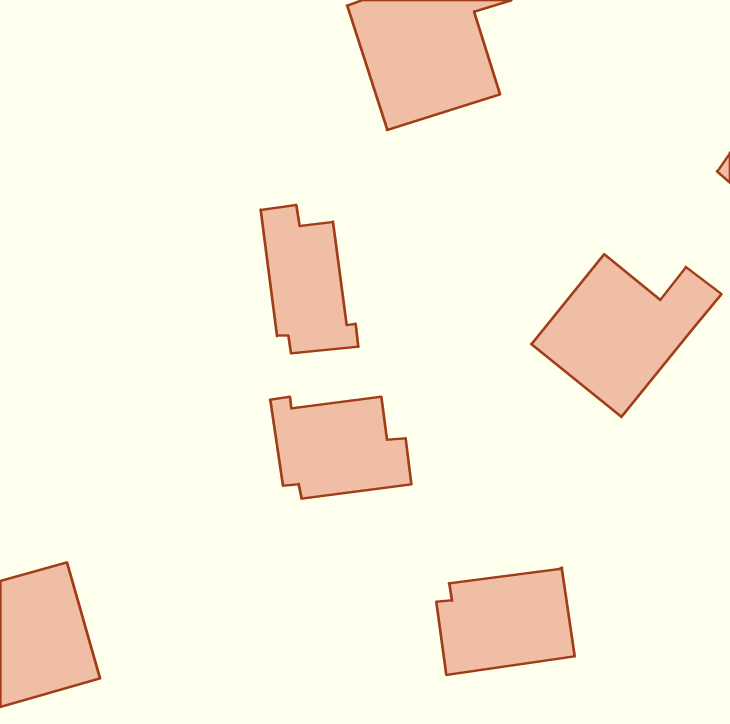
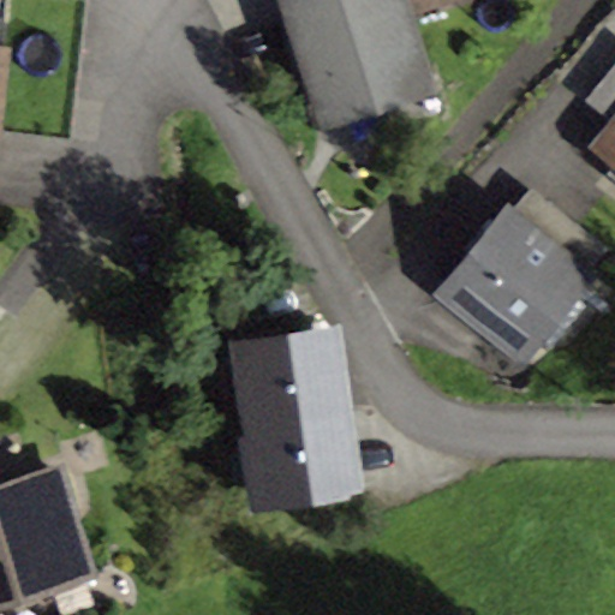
building: [261,205,358,353] -> none
building: [436,568,575,675] -> [243,411,359,501]

